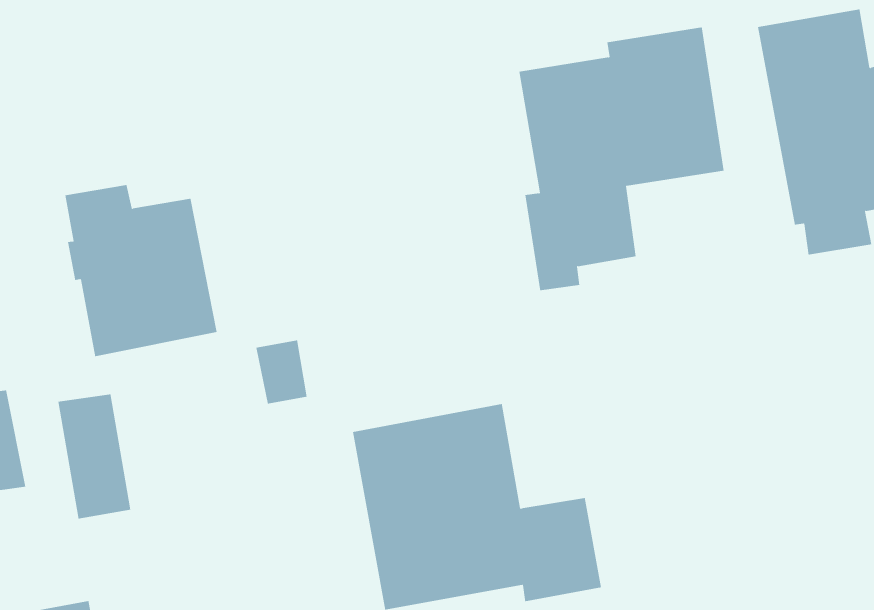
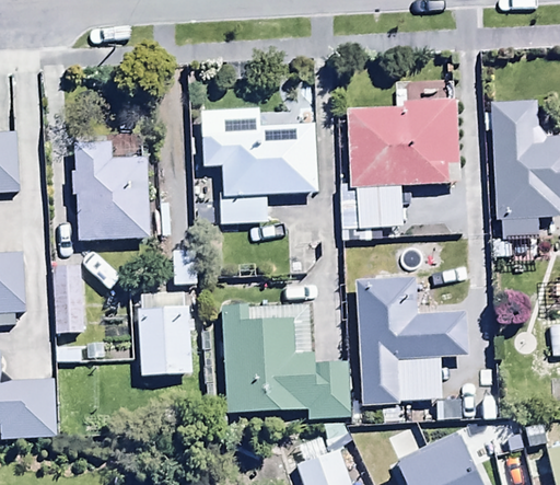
building: none -> [200,108,315,224]
building: none -> [354,276,468,418]
building: none -> [138,286,191,373]

